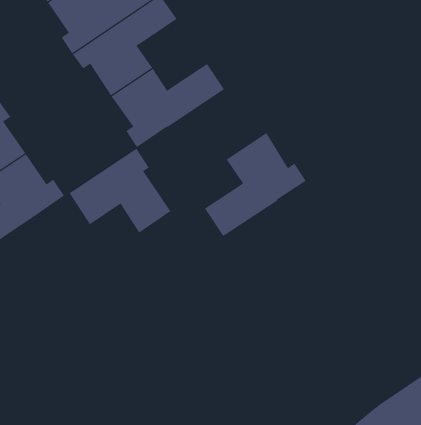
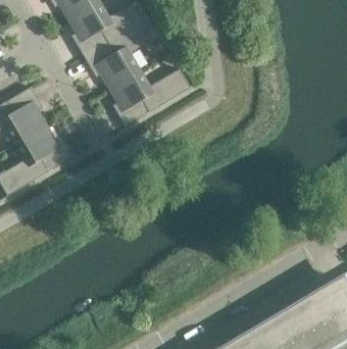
building: [204,132,307,237] -> none
building: [69,148,171,234] -> none

